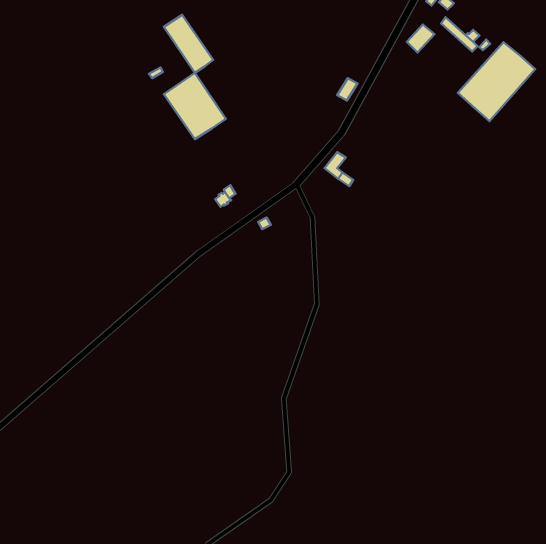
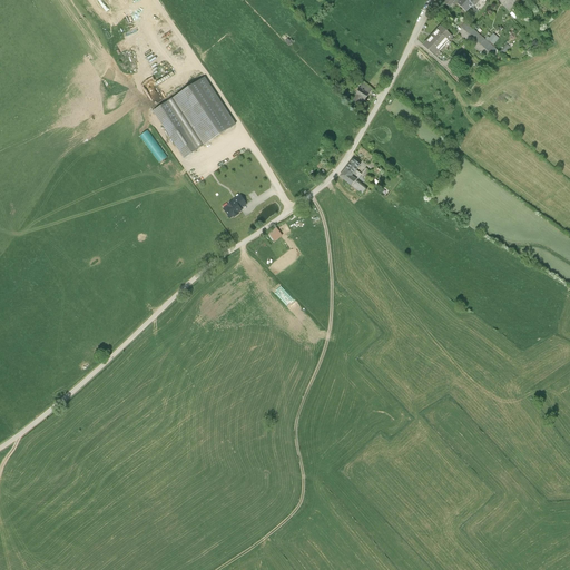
building: [164,15,213,73] -> [151,98,203,158]
building: [458,42,535,121] -> none

